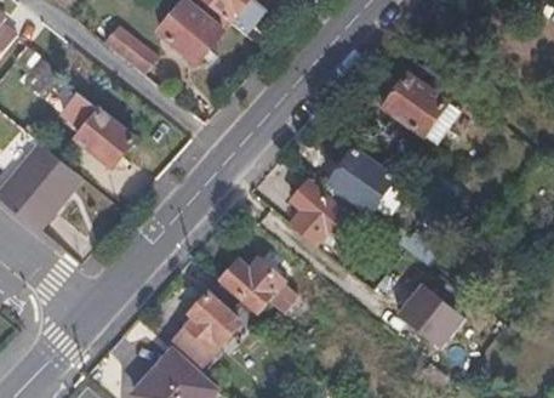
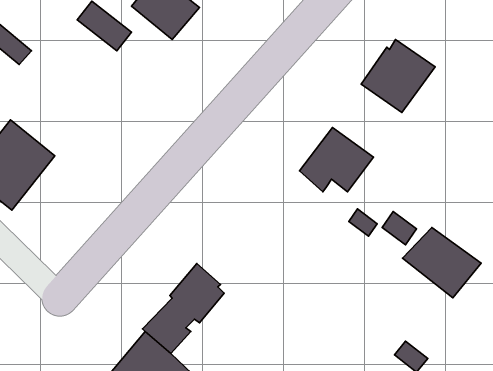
building: [59,93,136,166] -> none
building: [291,180,345,244] -> none
building: [221,248,295,311] -> none
building: [387,285,464,354] -> [402,227,481,298]

